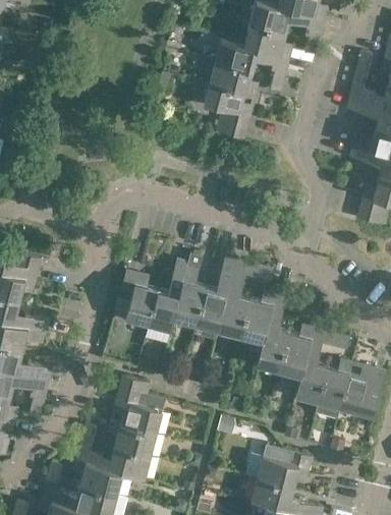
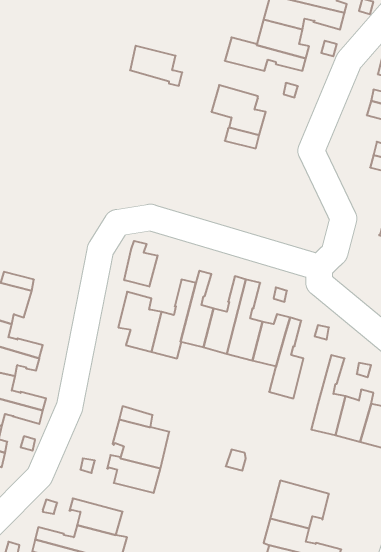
building: [210,60,258,97] -> [130,46,182,86]
building: none -> [124,241,158,287]
building: [278,327,313,375] -> none
building: [75,447,150,479] -> none

